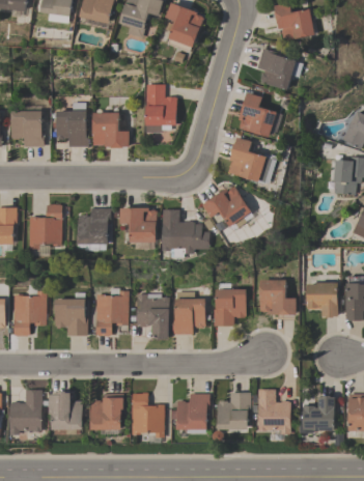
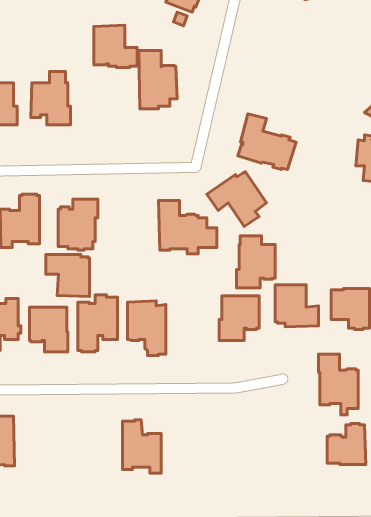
building: [256,48,296,90] -> none
building: [239,92,277,137] -> none
building: [92,112,129,147] -> [94,25,137,67]
building: [120,207,157,243] -> [46,254,89,297]
building: [172,291,204,335] -> [237,236,275,288]
building: [257,389,290,440] -> [319,354,358,415]
building: [49,392,82,430] -> none
building: [217,393,250,429] -> none
building: [90,394,123,430] -> none
building: [176,394,209,434] -> none

